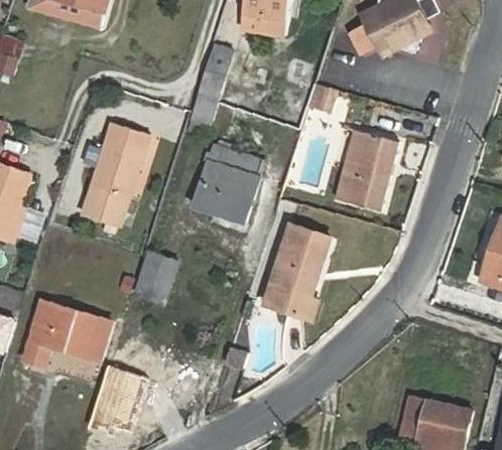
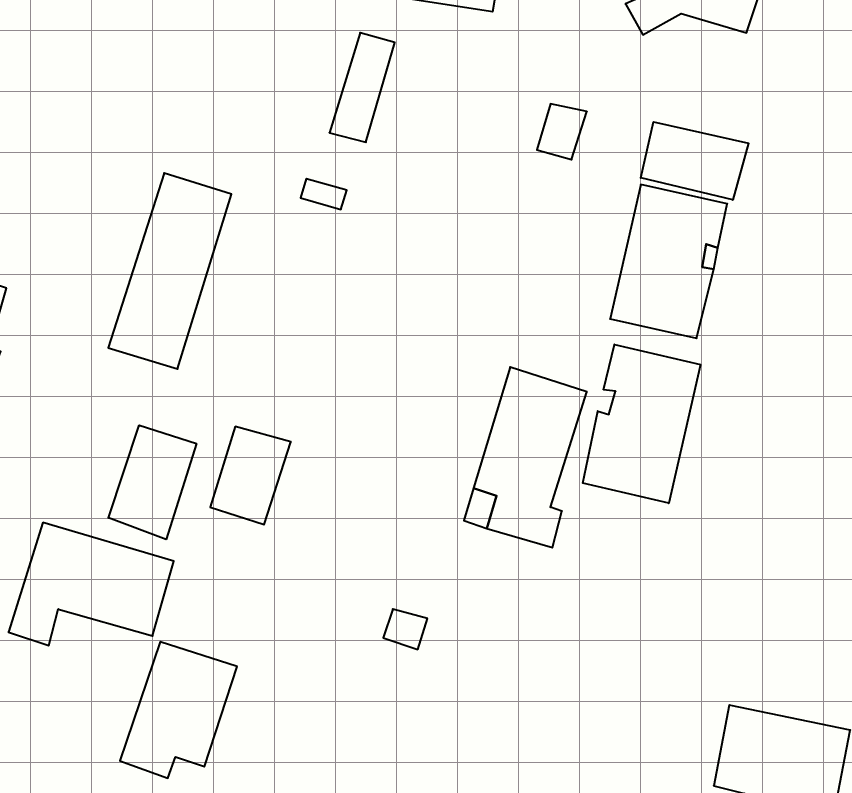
building: none -> [641,122,749,200]
building: [191,143,259,222] -> none
building: none -> [583,344,700,503]
building: none -> [108,425,196,539]

